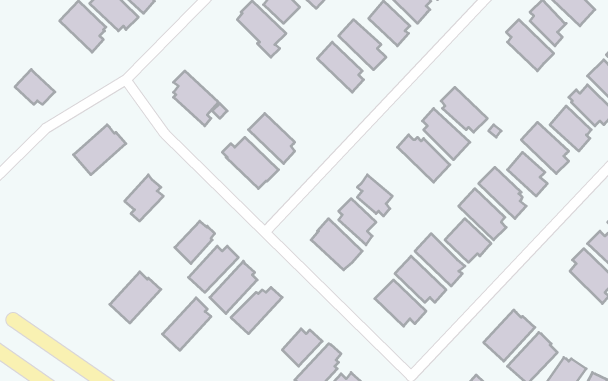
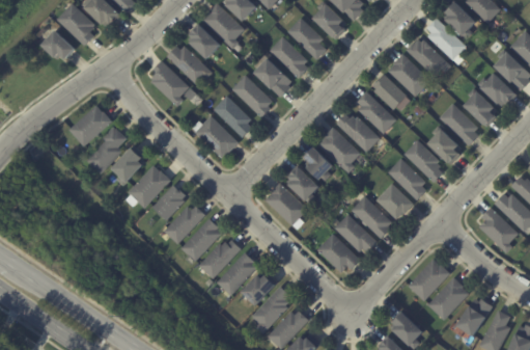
building: none -> [189,24,220,59]
building: none -> [406,39,450,77]
building: none -> [166,46,211,84]
building: none -> [388,53,430,97]
building: none -> [253,57,290,97]
building: [15,69,55,104] -> [40,29,74,58]
building: none -> [231,75,272,117]
building: none -> [85,127,125,173]
building: none -> [318,127,360,172]
building: [110,272,161,323] -> [128,165,170,208]
building: [162,298,211,350] -> [216,252,256,296]

